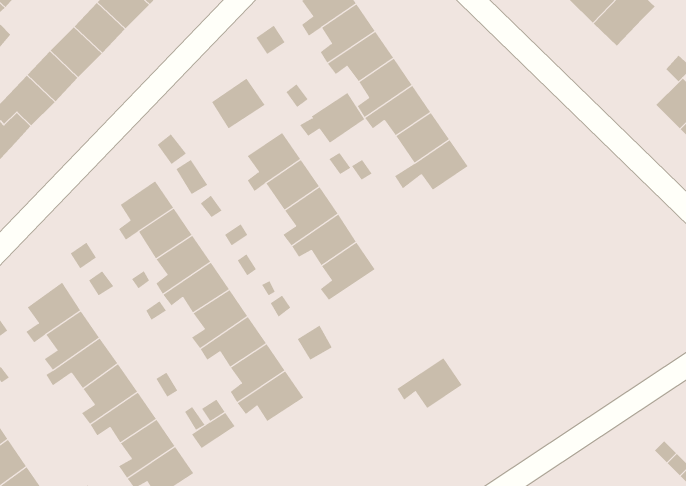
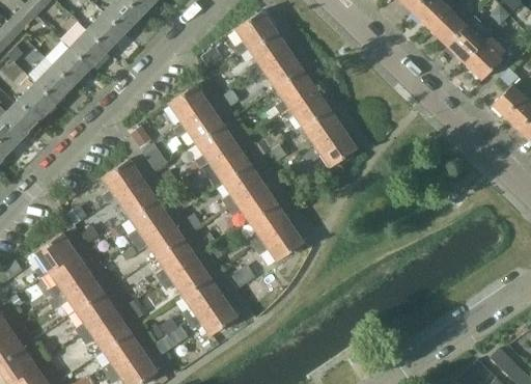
building: none -> [465,42,501,79]
building: [299,92,365,144] -> [174,104,222,141]
building: [397,358,462,409] -> [255,223,303,260]

